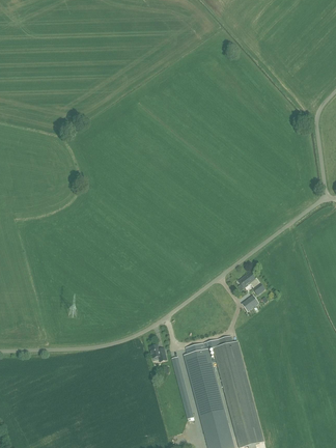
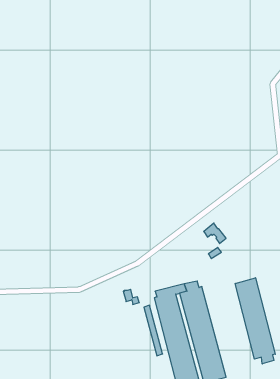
building: none -> [235,278,275,364]

